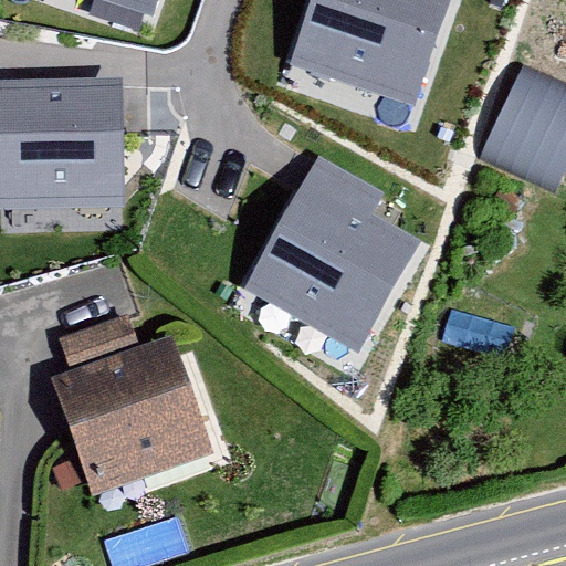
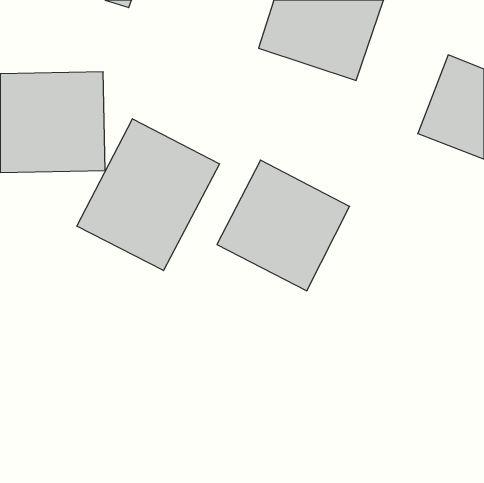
building: none -> [77,119,219,271]
building: [52,310,205,490] -> none

